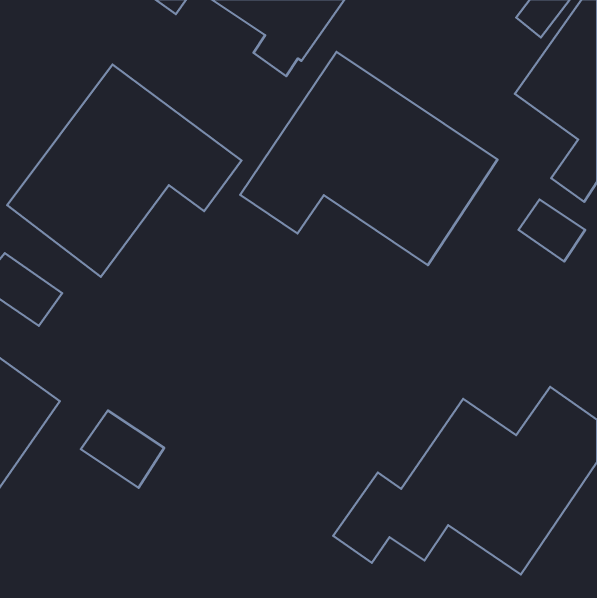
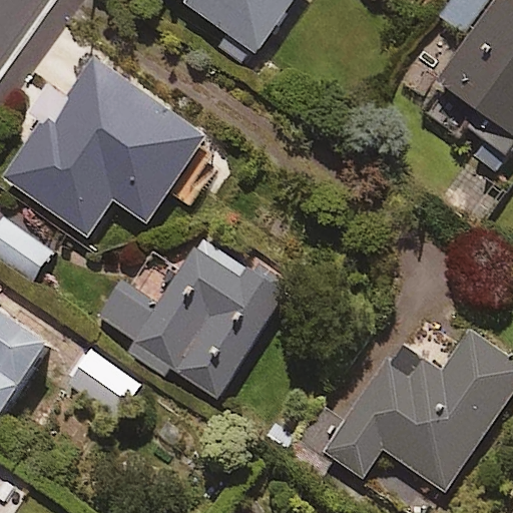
building: [240,52,497,265] -> none
building: none -> [97,239,294,399]

